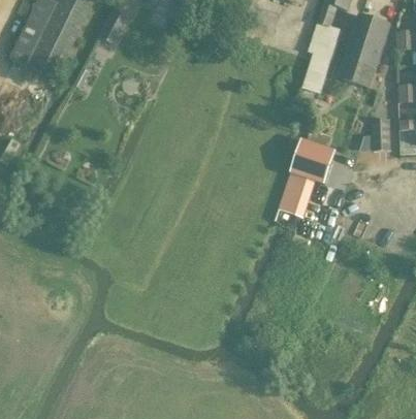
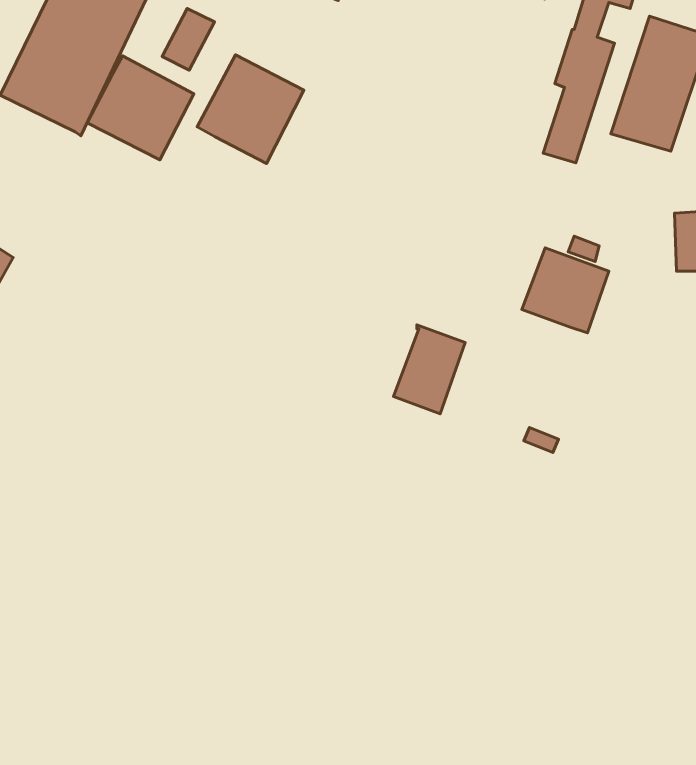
building: none -> [197,55,304,164]
building: none -> [87,56,194,160]
building: [278,169,316,217] -> [394,325,465,414]

